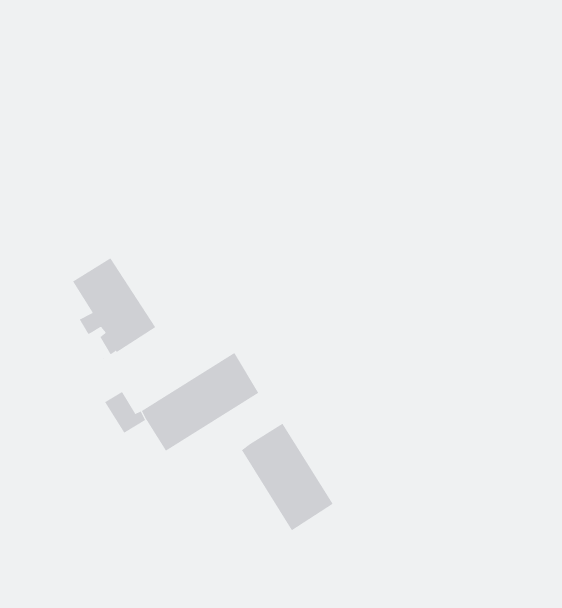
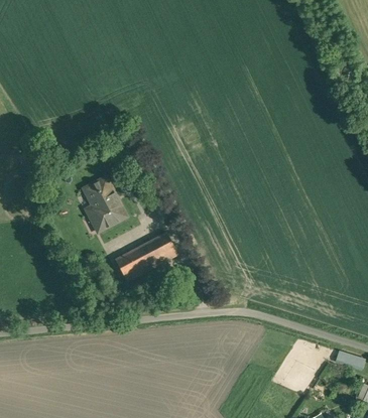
building: [241,423,333,531] -> none

